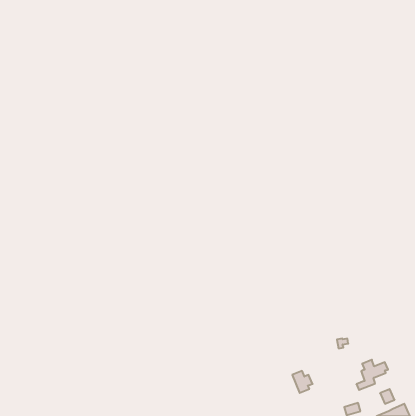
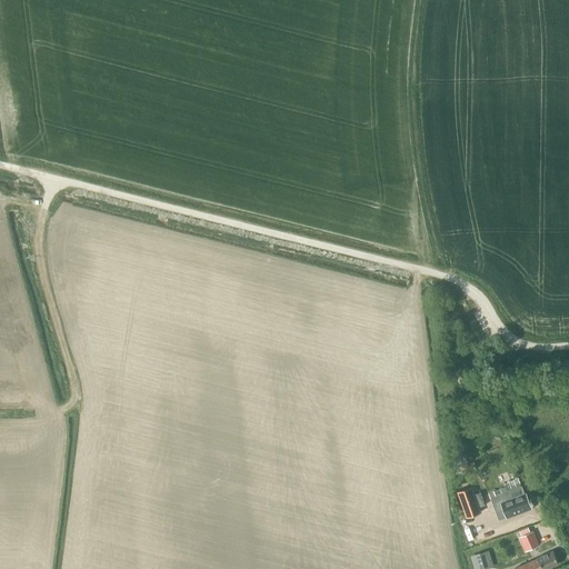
building: [292,371,313,393] -> [455,487,482,517]

